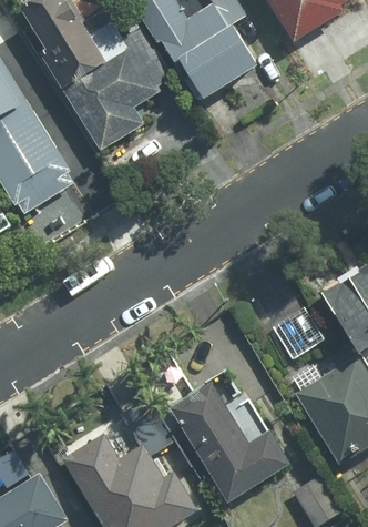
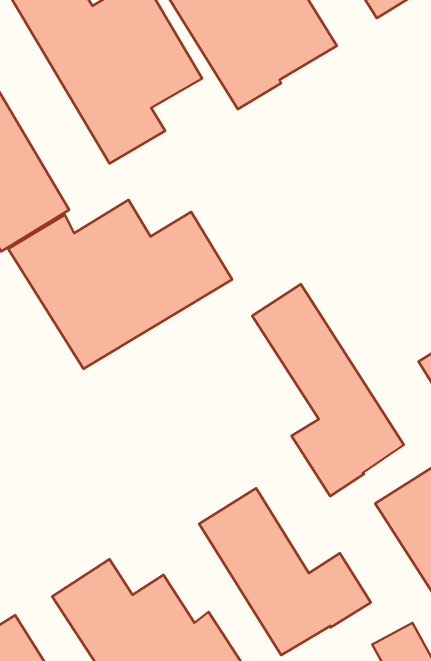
building: none -> [8,200,232,369]
building: none -> [252,284,404,496]

